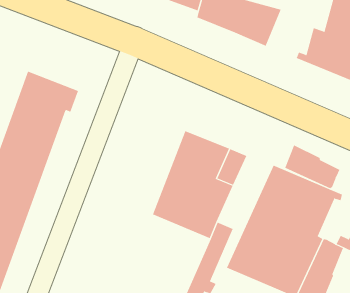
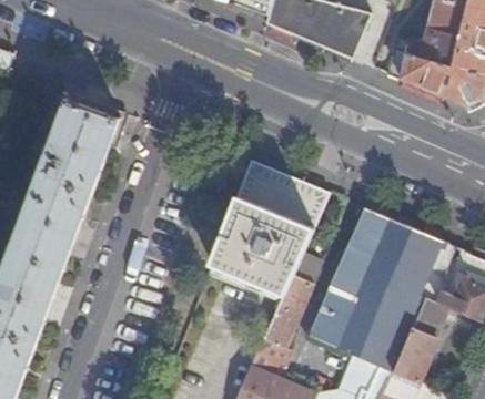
building: [284,144,340,189] -> none

